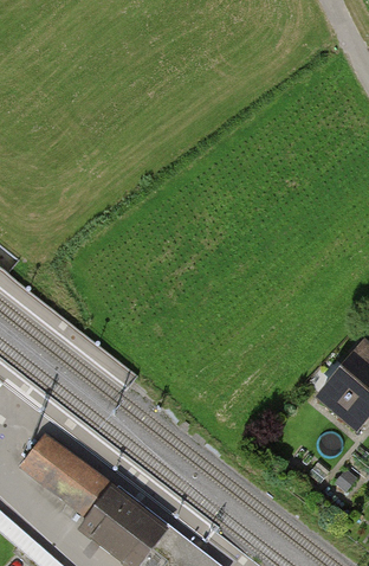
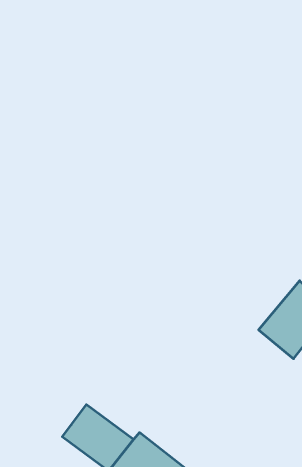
building: [22,438,108,513] -> none

